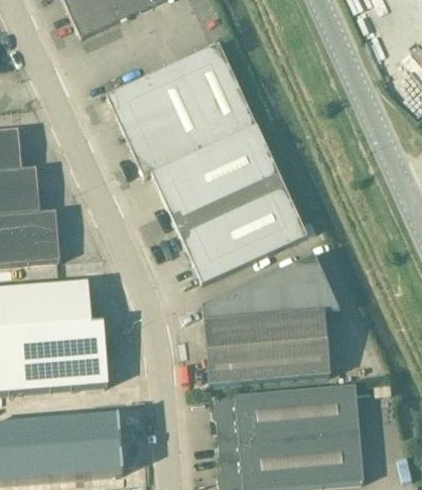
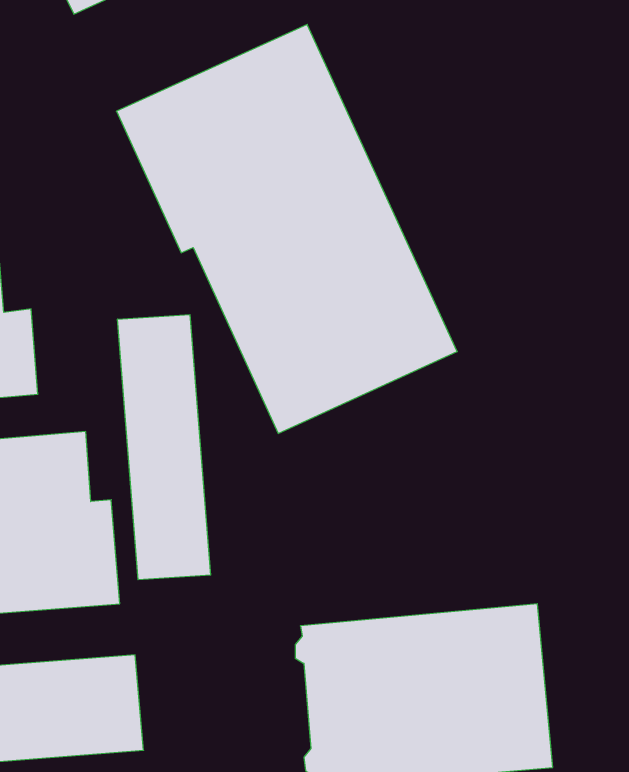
building: none -> [118,315,211,580]
building: [203,253,340,384] -> none

